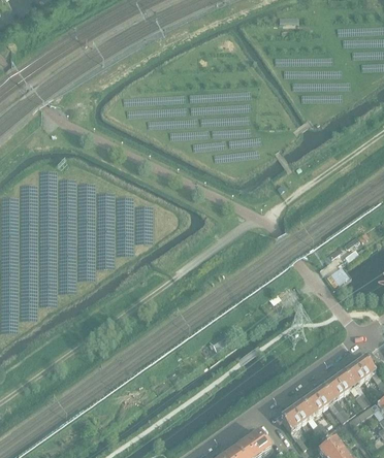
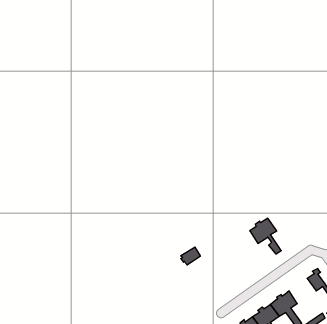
building: [334,363,371,404] -> [250,218,281,254]

